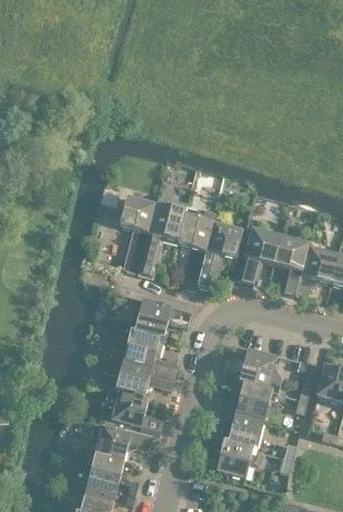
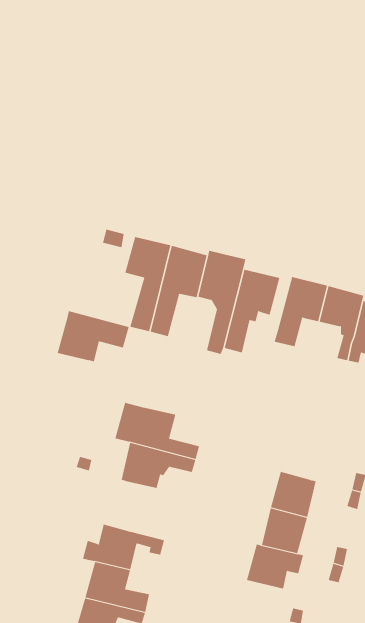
building: [133,299,191,340] -> [57,311,130,362]
building: [238,347,276,391] -> none
building: [99,392,163,436] -> none

